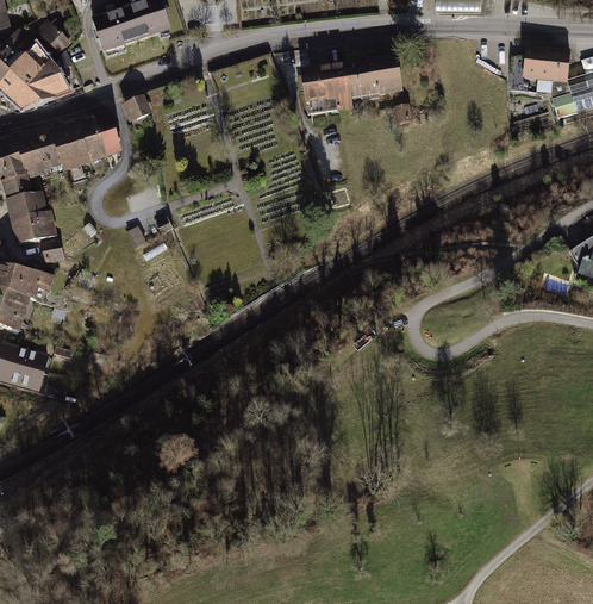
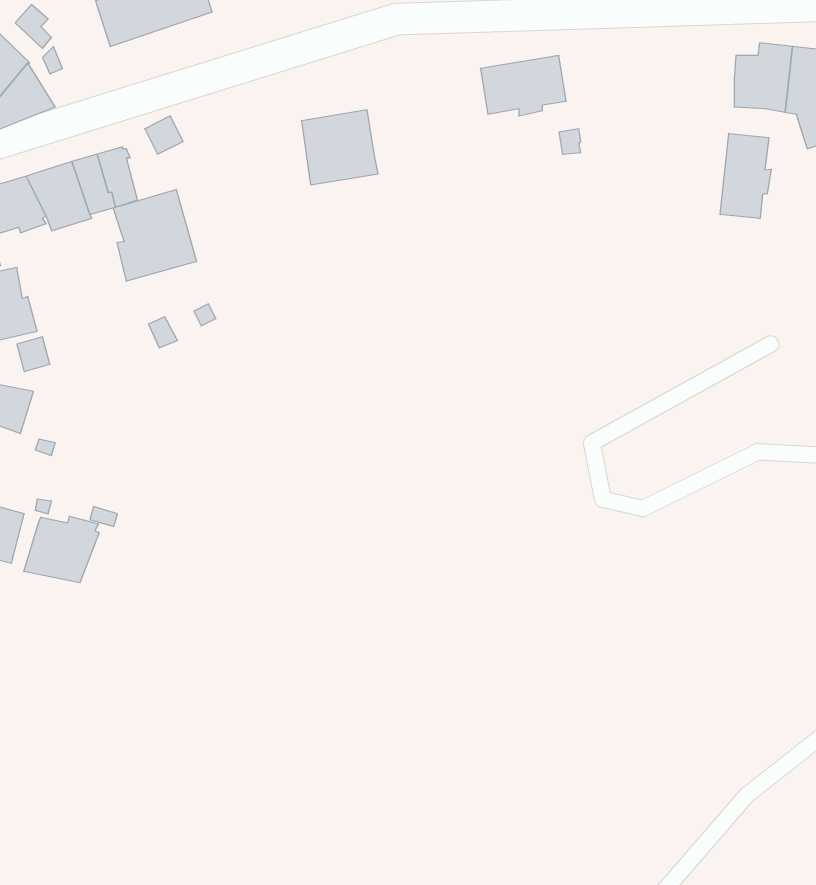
building: [301,64,351,113] -> [301,110,378,185]
building: none -> [720,133,771,219]
building: none -> [113,189,197,281]
building: none -> [24,516,99,583]

